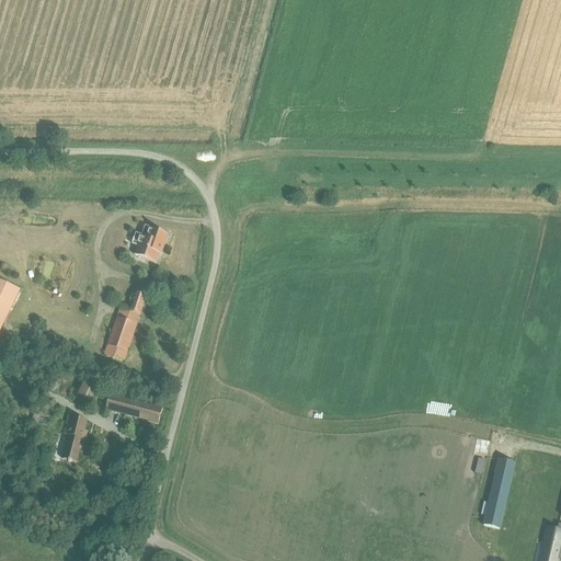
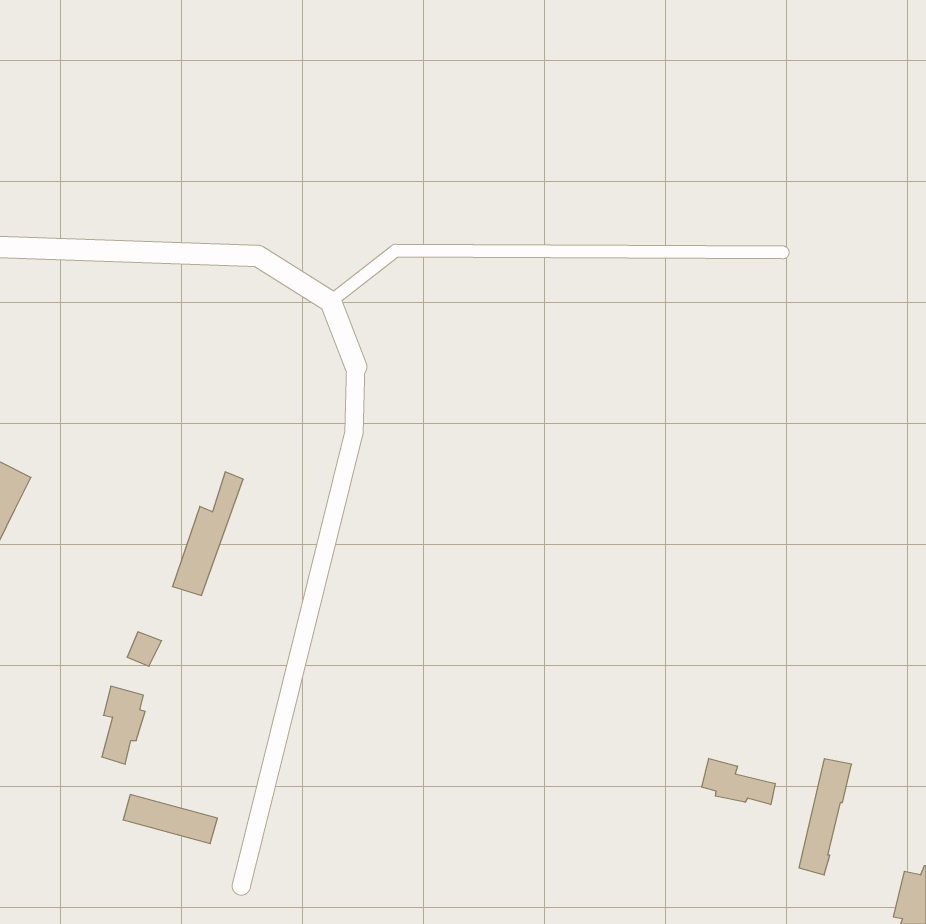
building: [130,225,167,261] -> none
building: [104,393,161,423] -> [123,795,217,844]
building: none -> [702,758,775,805]

